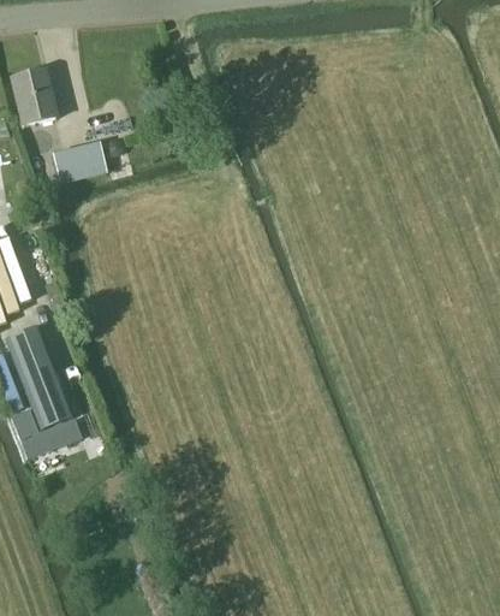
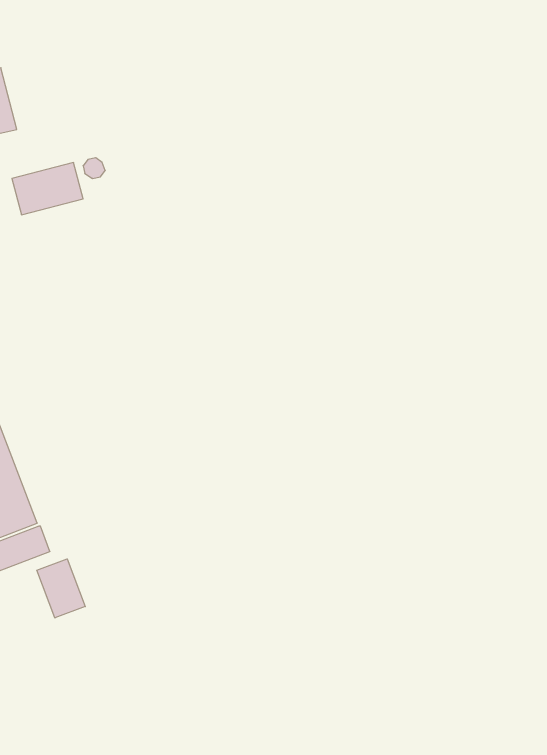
building: none -> [37,559,85,618]

